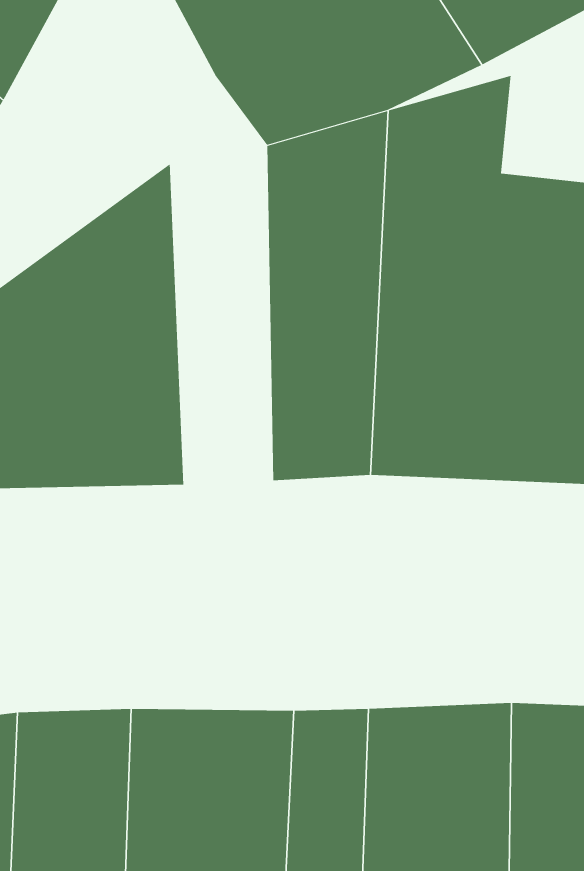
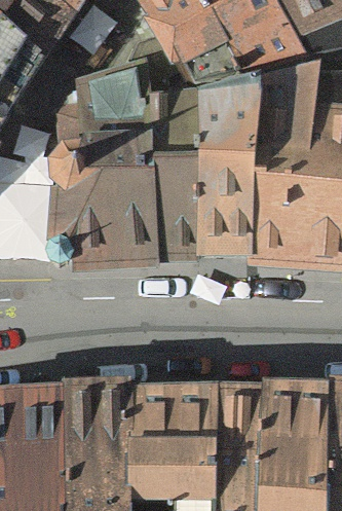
building: none -> [105,47,163,261]

